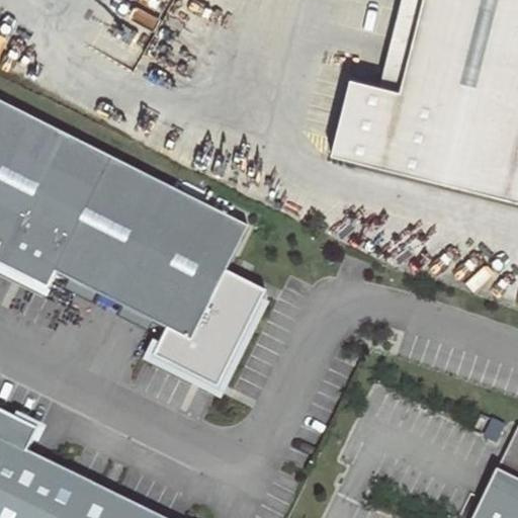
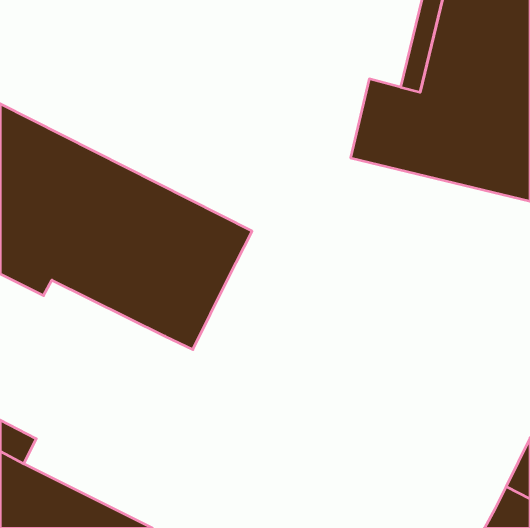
building: [148,271,263,387] -> none

